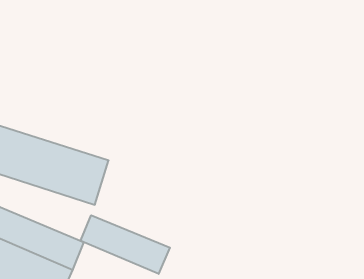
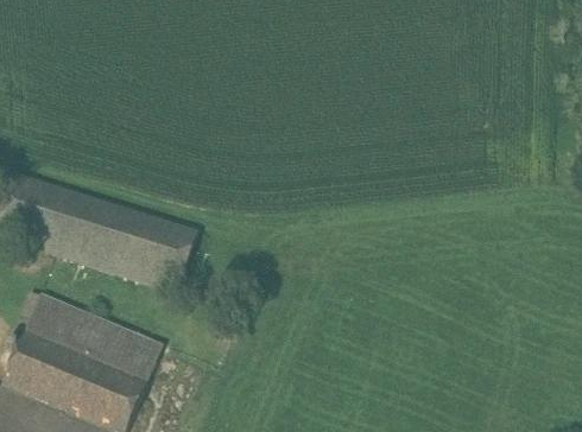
building: [80,215,170,274] -> none

